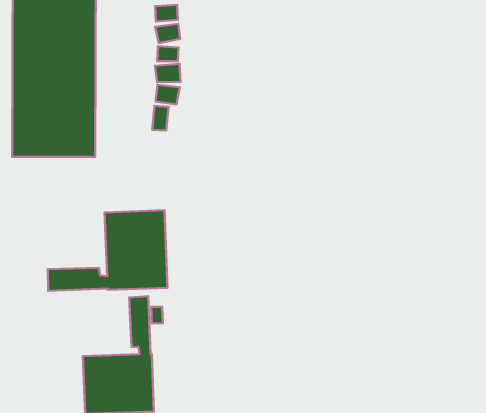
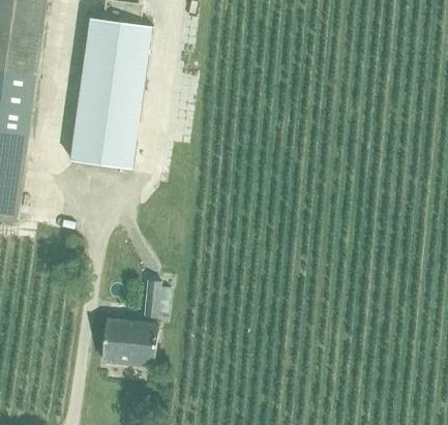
building: [48,210,168,291] -> none

